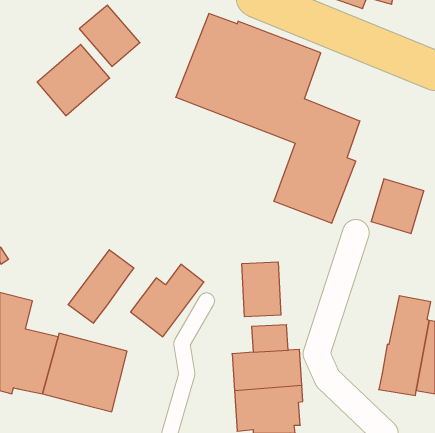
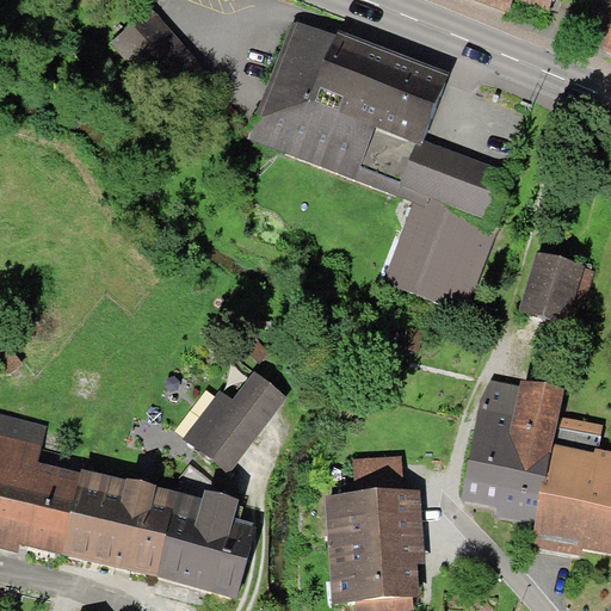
building: [37,44,110,116] -> none
building: [68,250,134,323] -> none
building: [242,262,281,317] -> none
building: none -> [463,378,564,523]
building: none -> [156,490,254,597]

